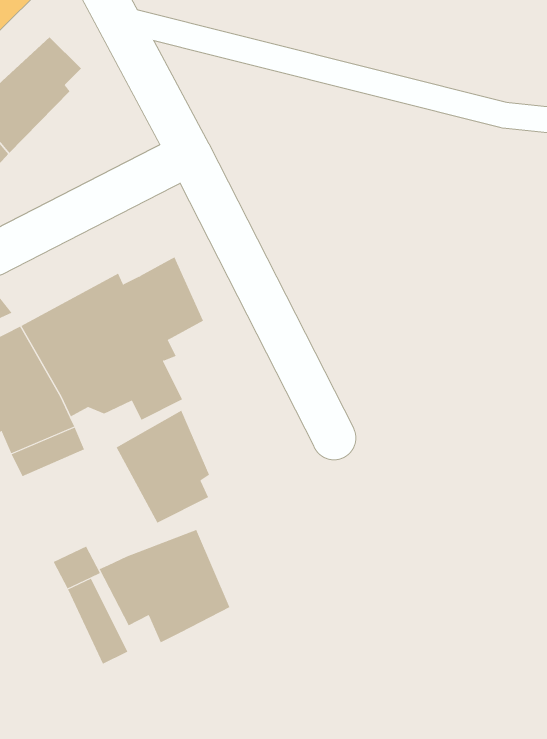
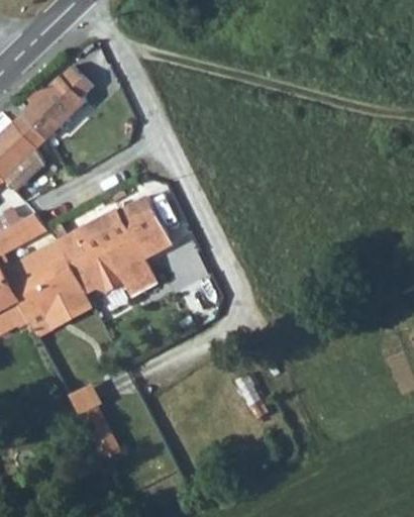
building: [116,410,210,524] -> none
building: [99,529,230,643] -> none

